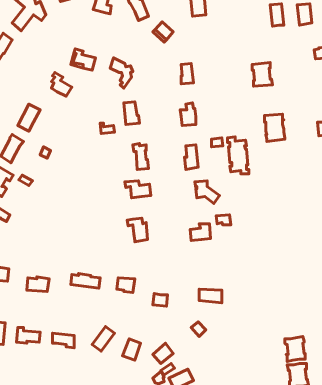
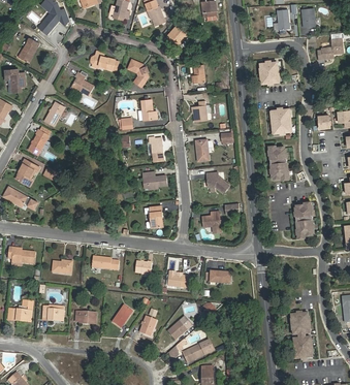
building: [227,137,249,174] -> [267,147,287,181]
building: none -> [293,203,312,239]

